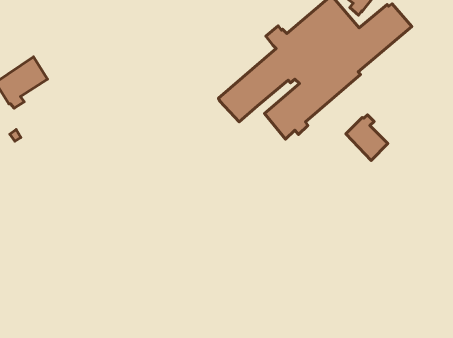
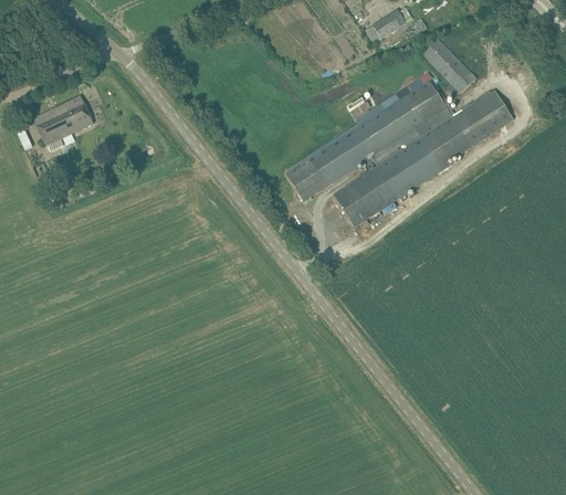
building: [346,115,388,161] -> none

